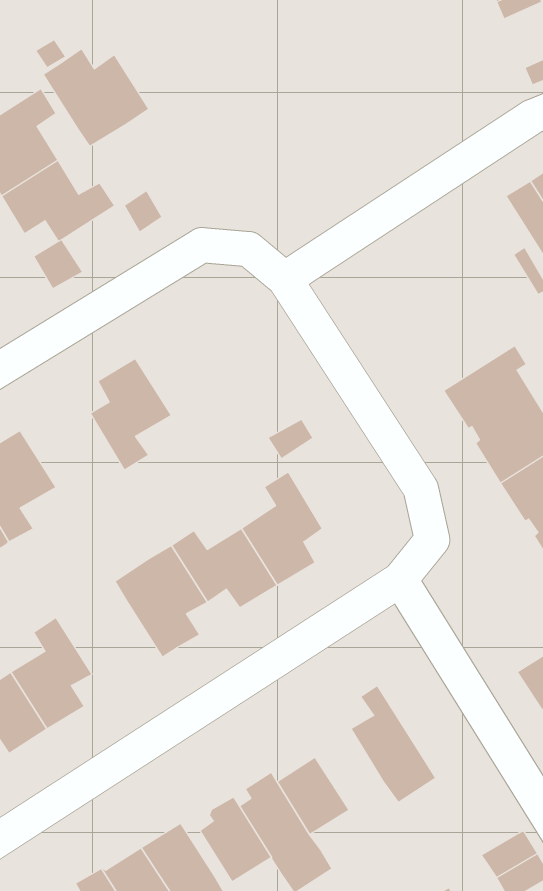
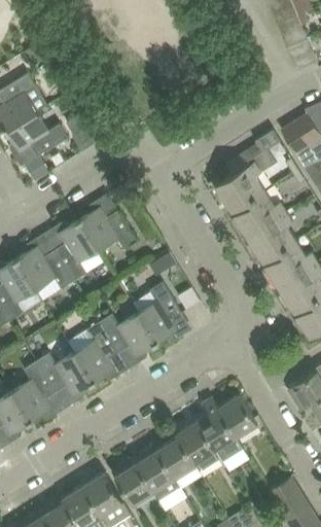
building: [43,49,149,147] -> none
building: none -> [215,131,286,238]
building: none -> [79,207,137,251]
building: none -> [16,246,73,290]
building: none -> [36,352,94,396]
building: none -> [211,395,257,437]
building: none -> [176,422,220,472]

